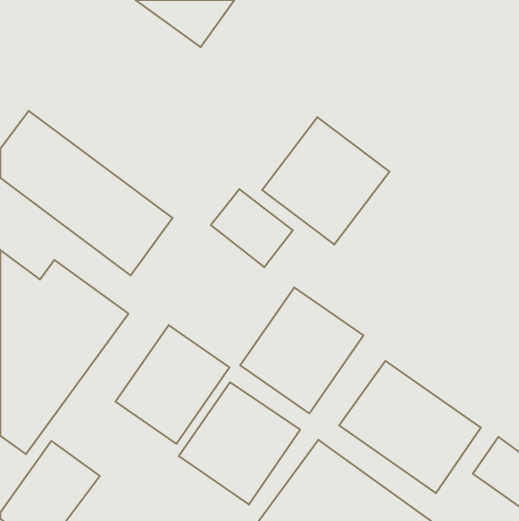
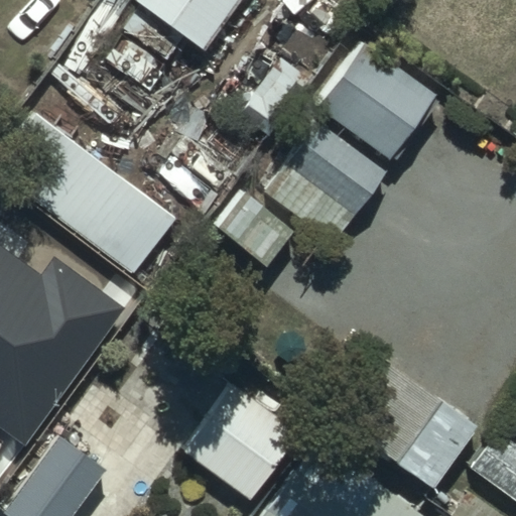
building: none -> [316,39,441,161]
building: [240,287,363,413] -> none
building: [115,325,230,444] -> none

